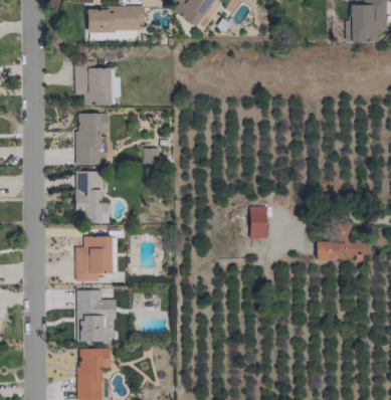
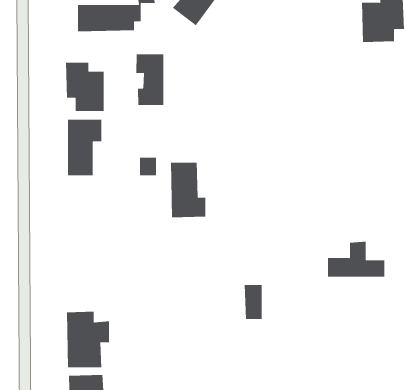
building: none -> [136,54,164,106]
building: [75,171,109,222] -> [170,162,206,218]
building: [249,206,266,238] -> [244,285,263,320]
building: [75,236,112,281] -> none

